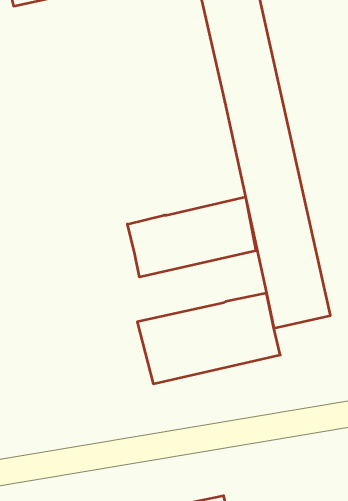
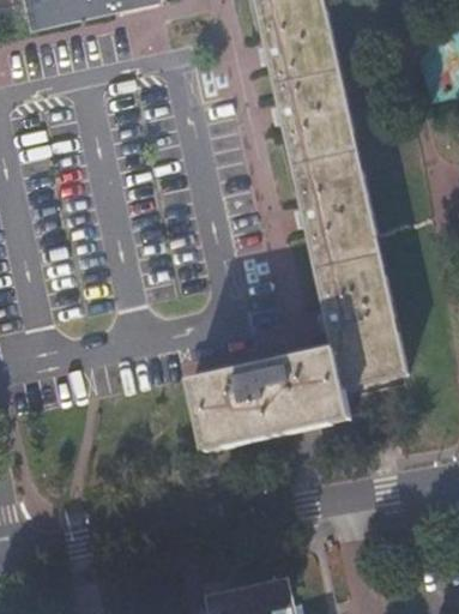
building: [127,197,256,277] -> none

